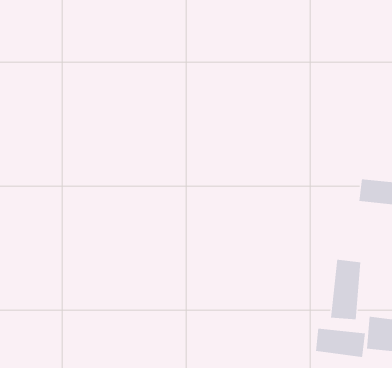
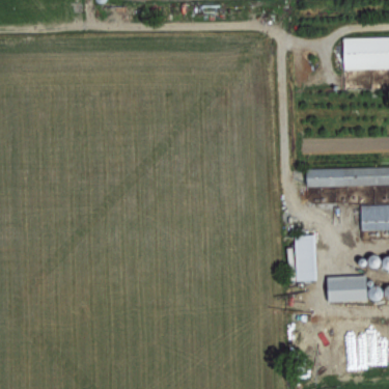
building: [316,328,366,358] -> none

